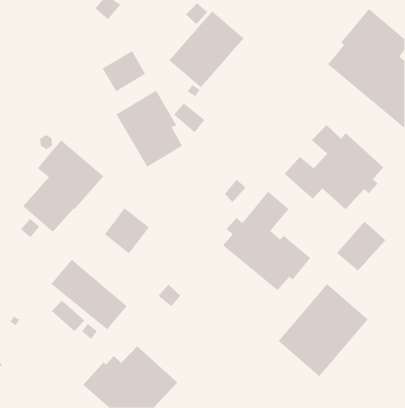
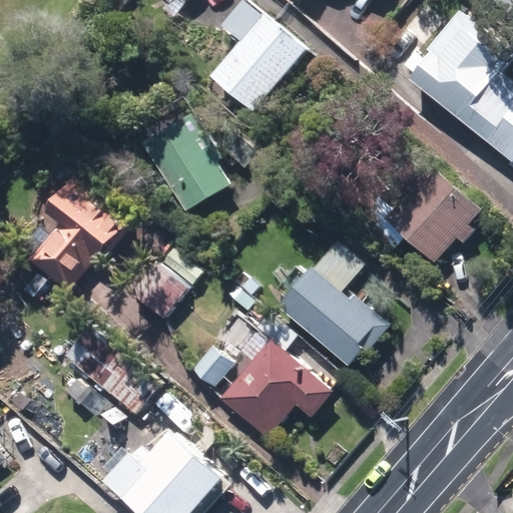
building: [102,50,146,92] -> none
building: [336,221,386,272] -> none
building: none -> [222,313,332,436]
building: [278,283,369,377] -> none

